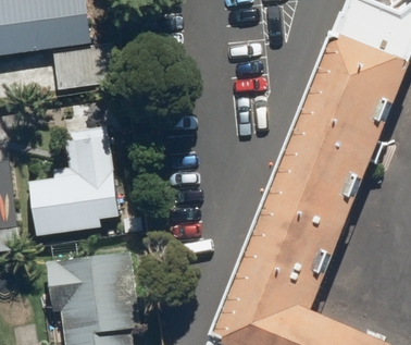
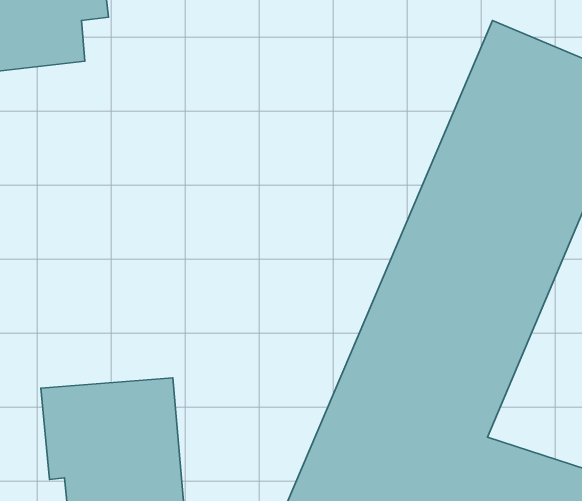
building: [27,127,119,239] -> none

